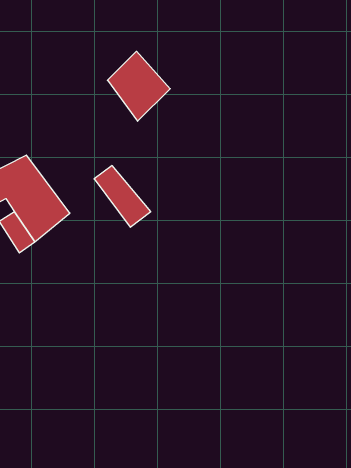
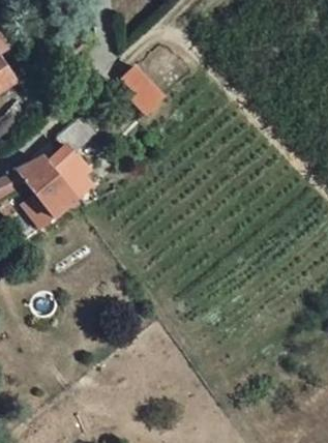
building: [94,166,151,227] -> [53,148,101,201]

